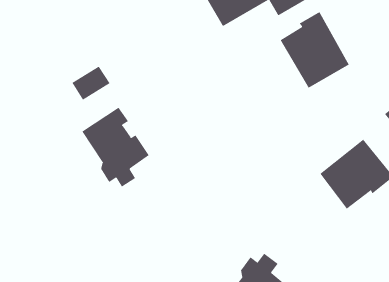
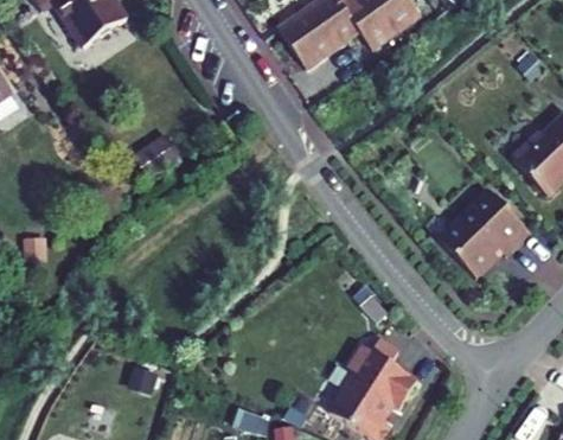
building: [280,11,350,88] -> none
building: [82,107,150,187] -> none

